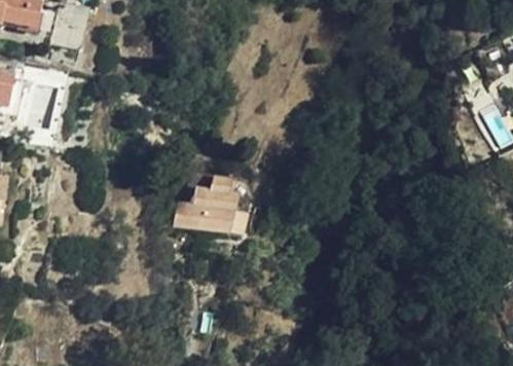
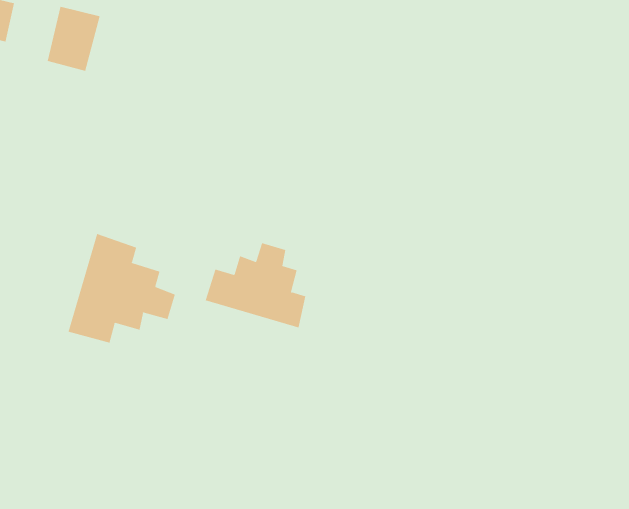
building: none -> [68,233,175,344]

